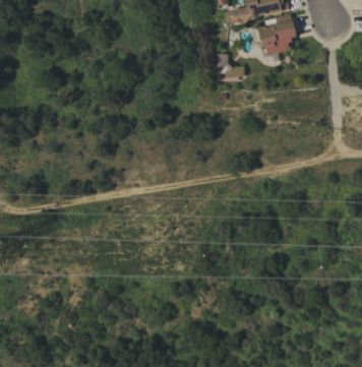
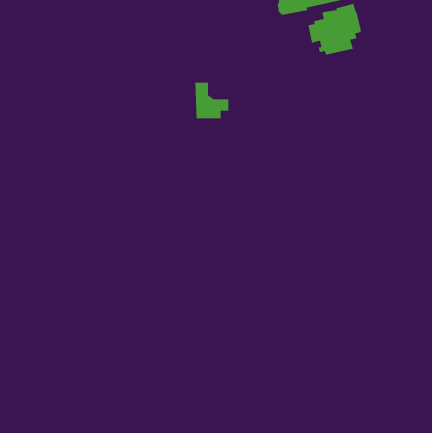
building: [216,53,243,82] -> [195,82,229,119]

